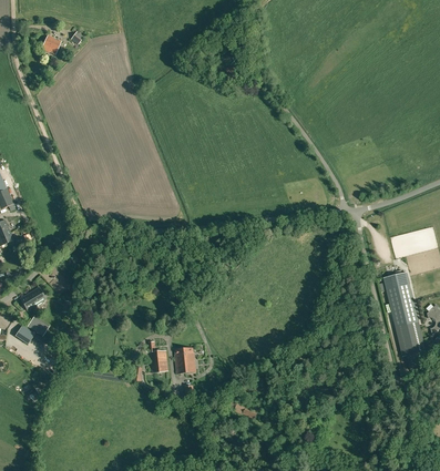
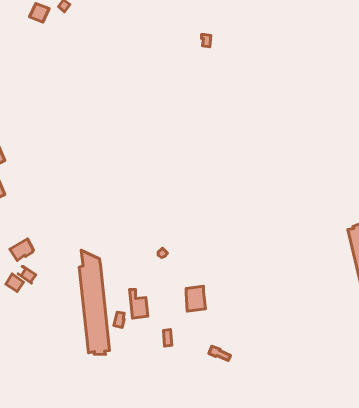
building: none -> [79,250,110,355]
building: [175,347,196,373] -> [186,286,206,311]

